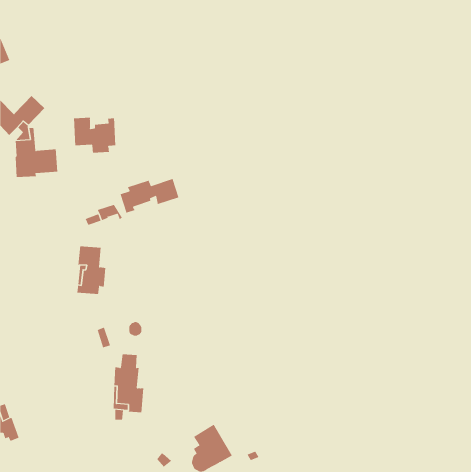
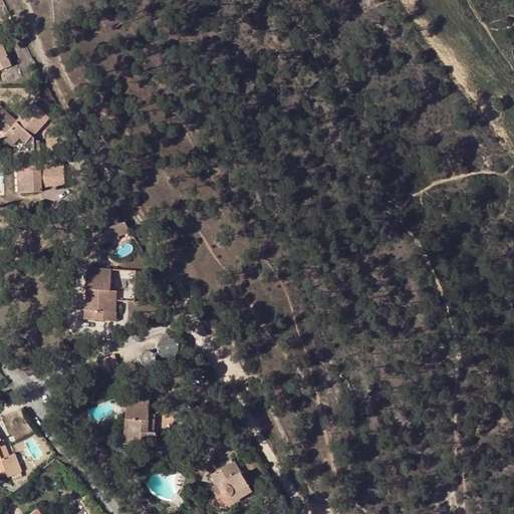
building: [74,117,116,154] -> none
building: [120,178,179,214] -> none
building: none -> [156,335,179,357]

